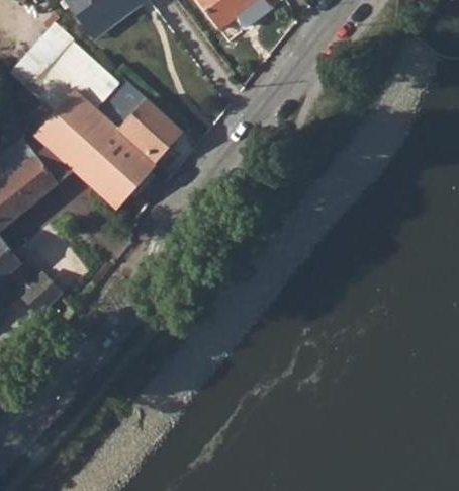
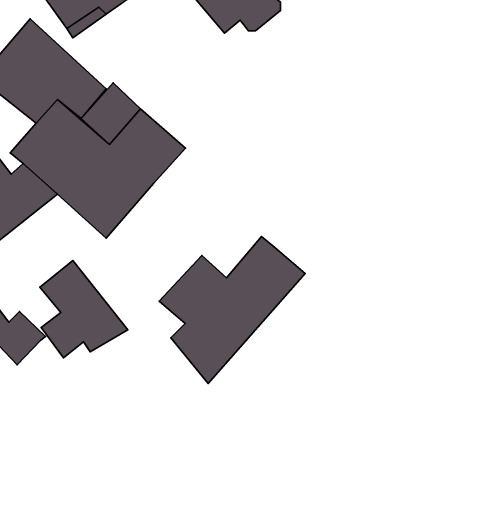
building: none -> [159,236,305,384]
building: none -> [40,260,128,358]

